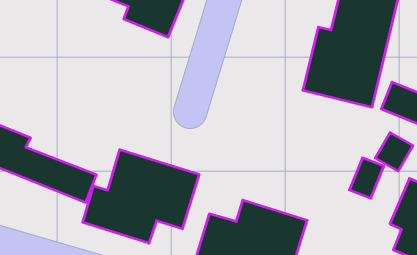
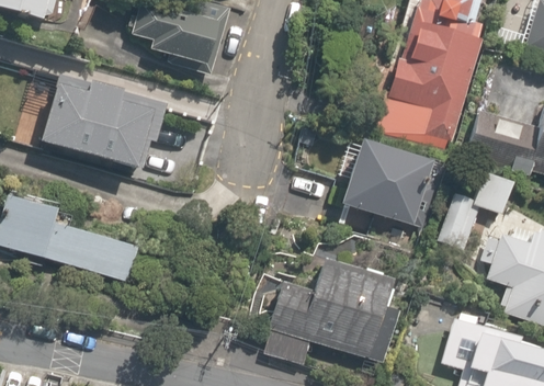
building: none -> [39,56,208,189]
building: none -> [336,139,430,223]
building: [83,150,199,243] -> none

